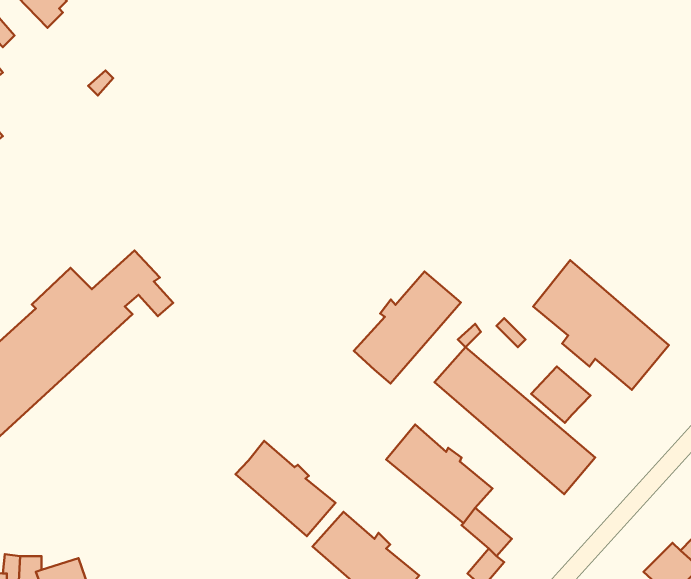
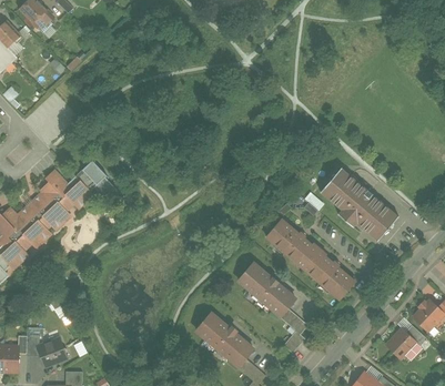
building: [354,272,461,384] -> none
building: [531,366,590,423] -> none
building: [235,441,336,536] -> none

